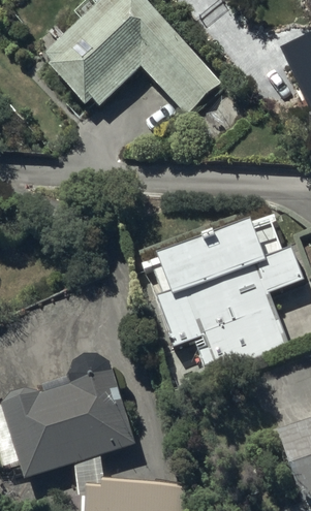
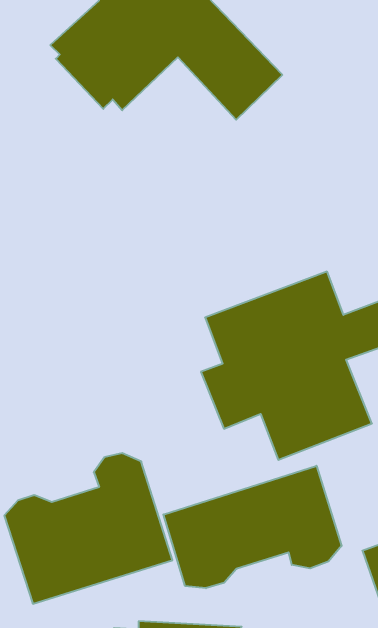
building: none -> [163,466,342,588]

